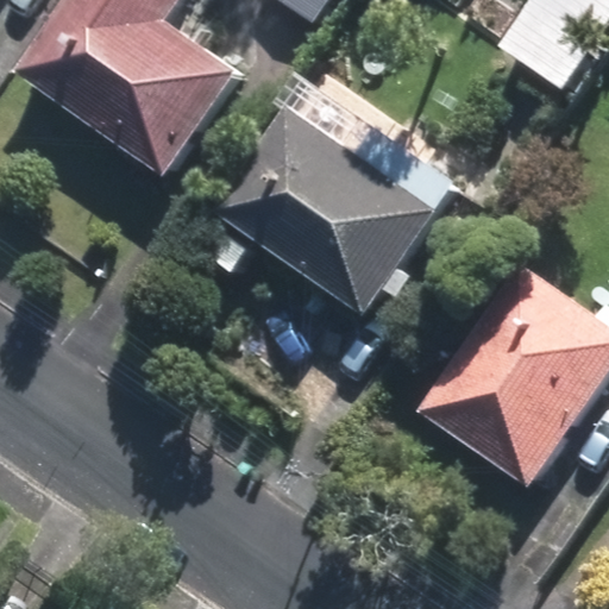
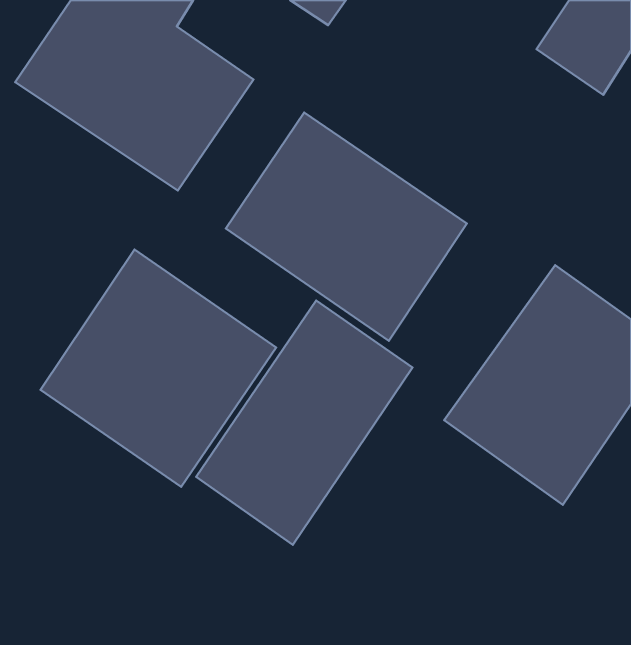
building: none -> [40,250,276,487]
building: none -> [196,301,413,545]

